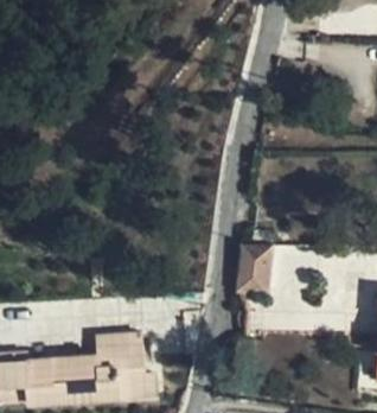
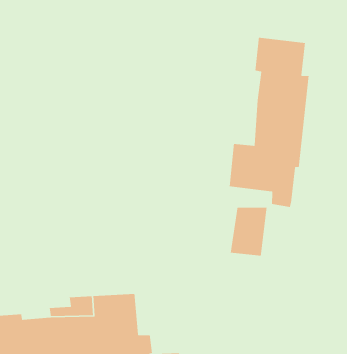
building: none -> [229,37,309,208]

